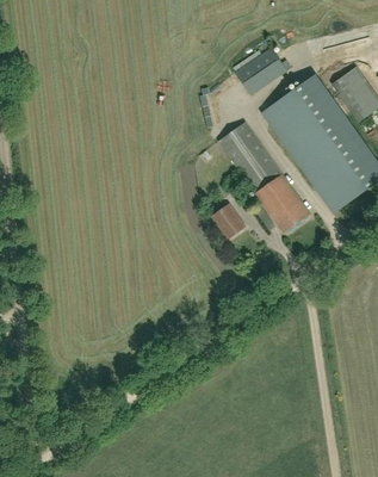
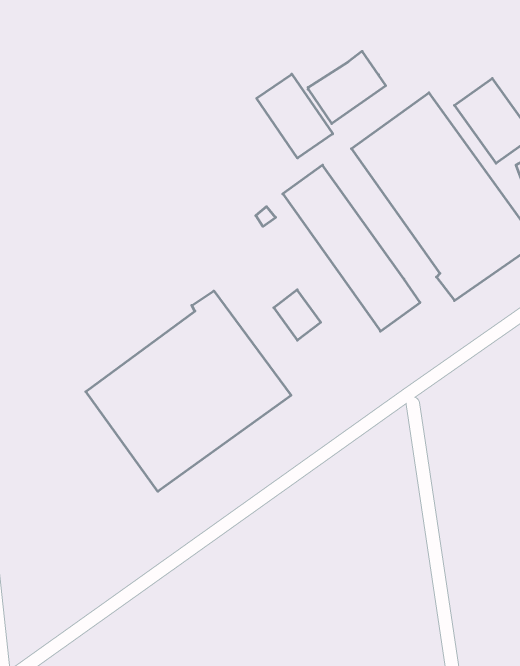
building: none -> [257,74,333,158]
building: none -> [86,291,291,491]

